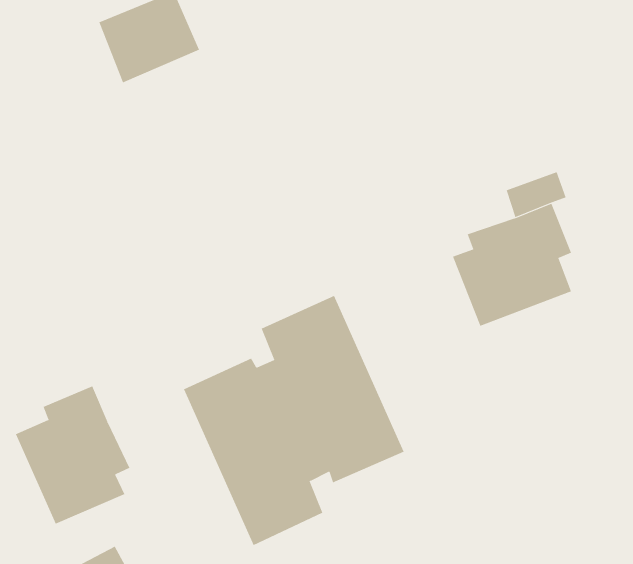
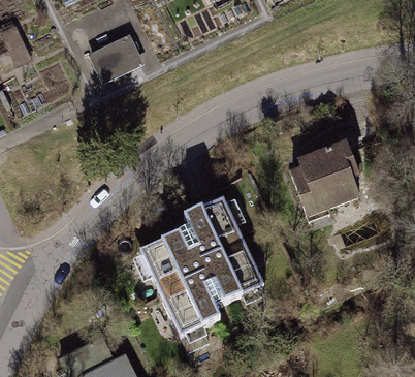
building: [15,386,130,524] -> none

